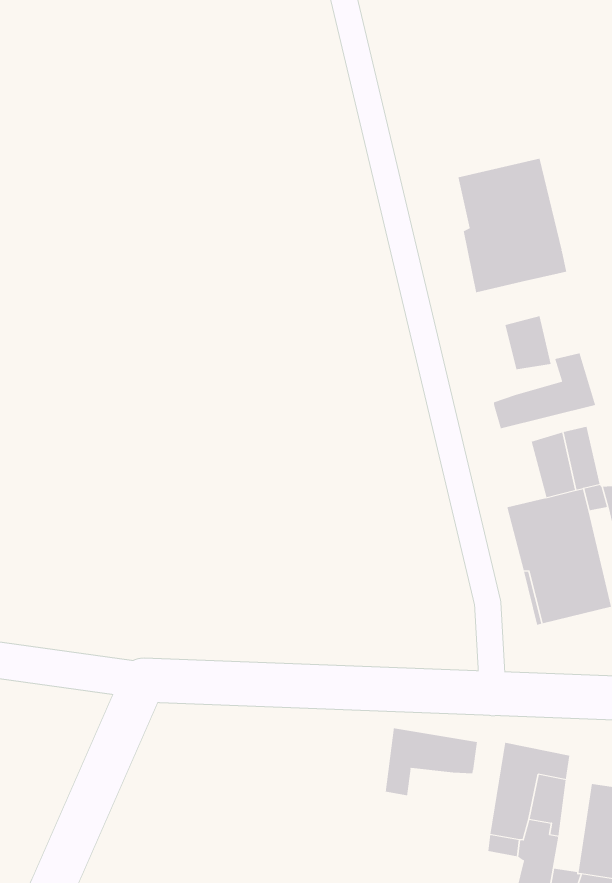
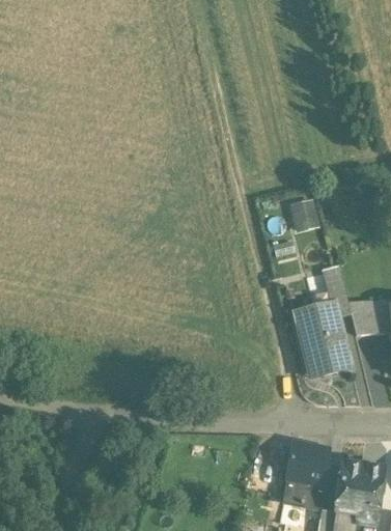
building: [458,158,567,293] -> none
building: [493,352,596,429] -> none
building: [385,728,478,796] -> none

